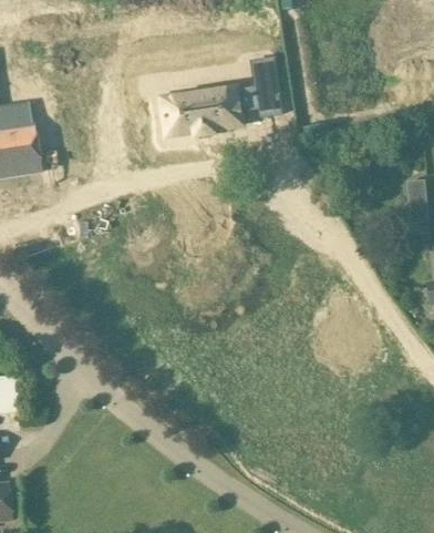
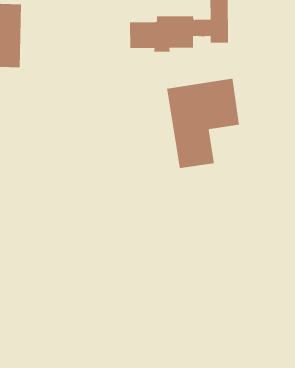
building: none -> [167,78,239,169]

